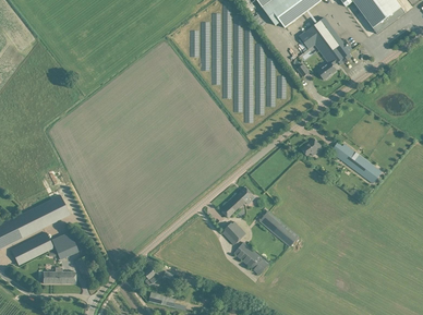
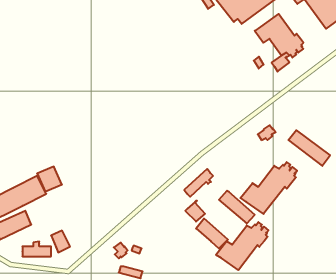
building: none -> [240,162,297,214]
building: [50,232,77,259] -> [37,167,62,191]
building: none -> [216,222,268,270]

